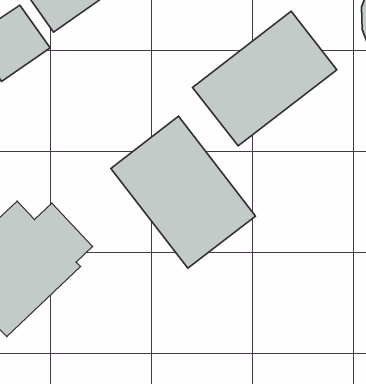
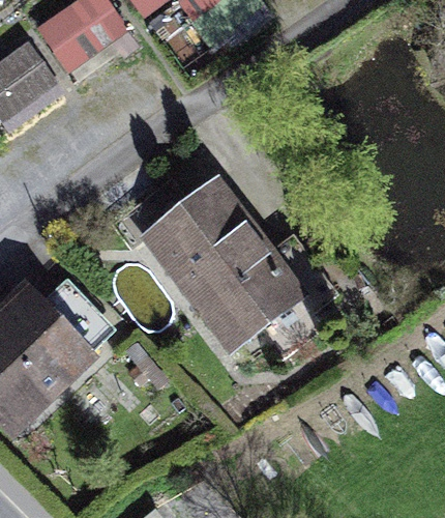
building: [193,11,337,146] -> none

